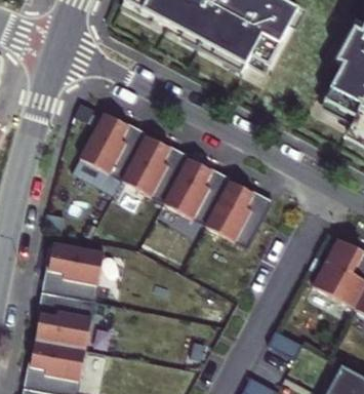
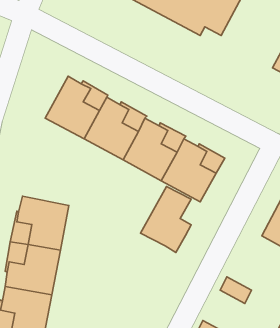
building: none -> [141,186,191,252]

